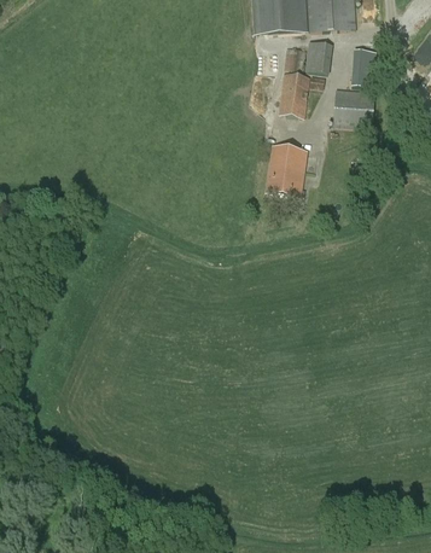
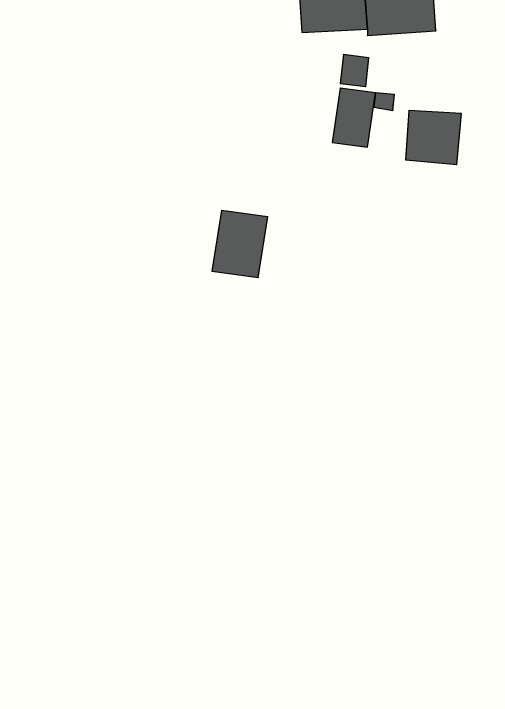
building: [303,41,331,74] -> none
building: [353,47,379,86] -> none
building: [264,145,307,196] -> [212,210,268,277]

